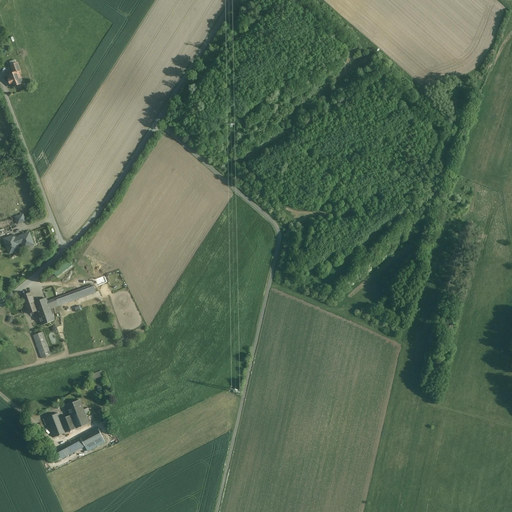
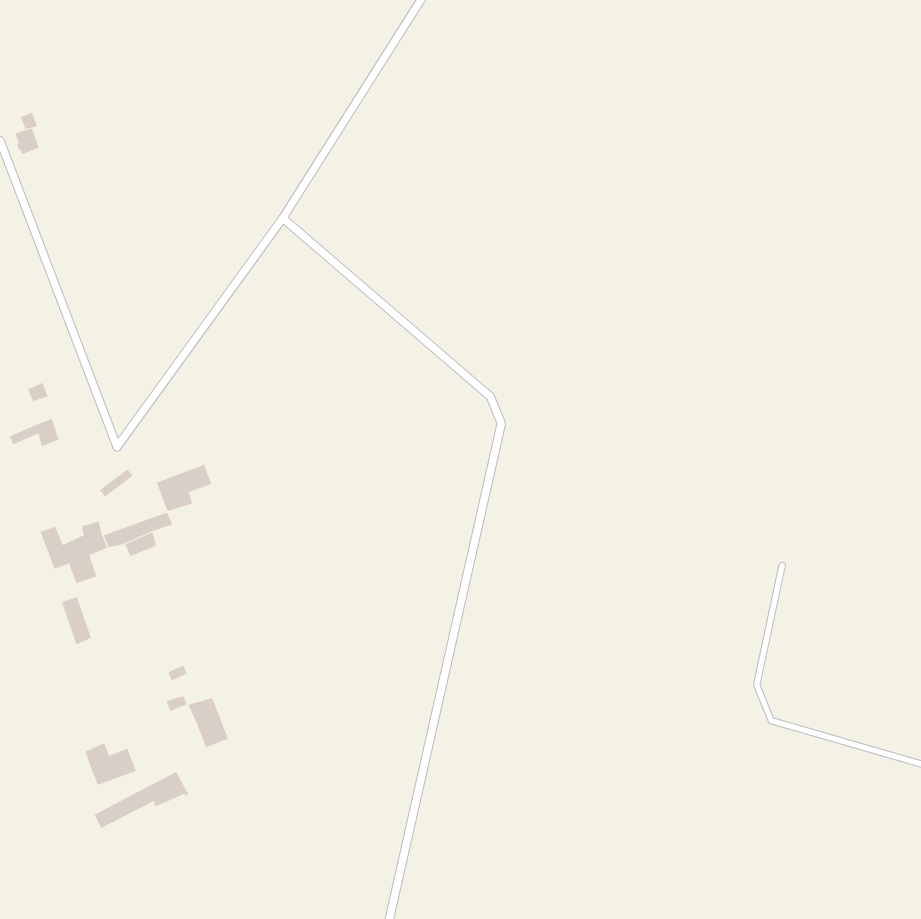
building: none -> [156,464,212,512]
building: [66,400,89,428] -> [187,697,229,748]

